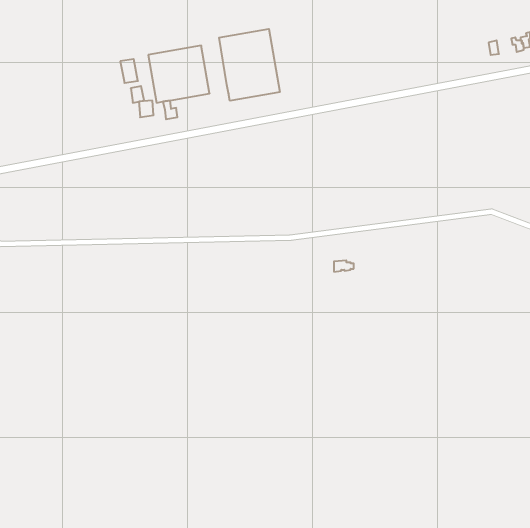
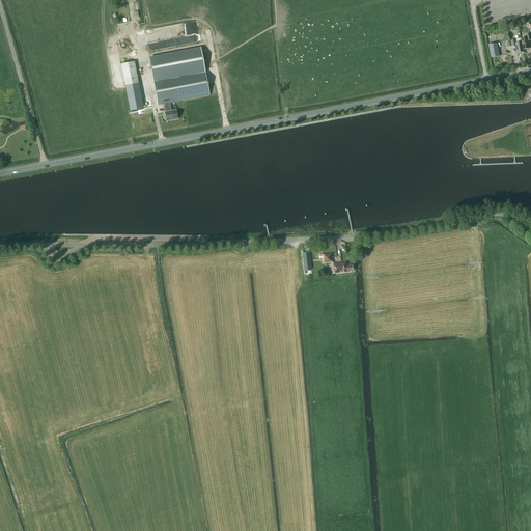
building: [219,29,280,101] -> none

